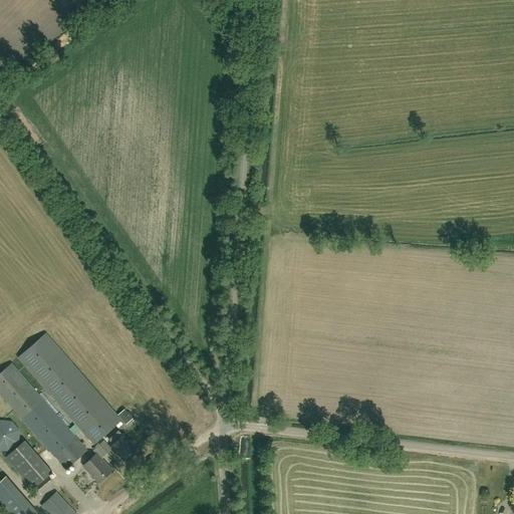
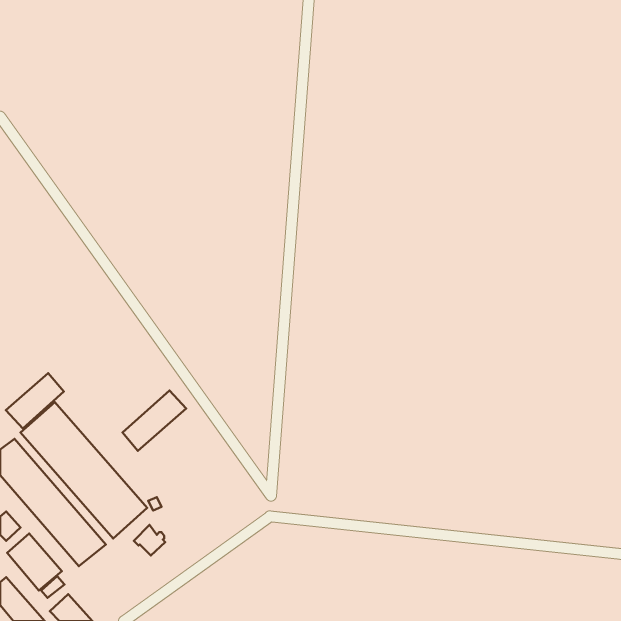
building: none -> [6,373,64,428]
building: none -> [122,390,186,451]
building: [83,453,112,482] -> none

